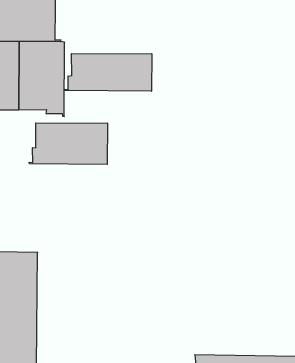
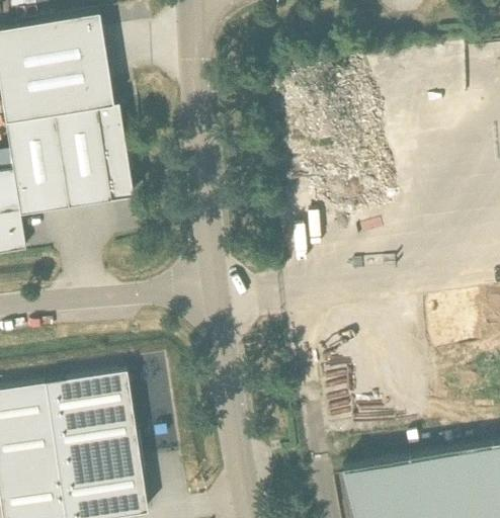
building: [64,54,152,91] -> none
building: [29,123,107,164] -> none

